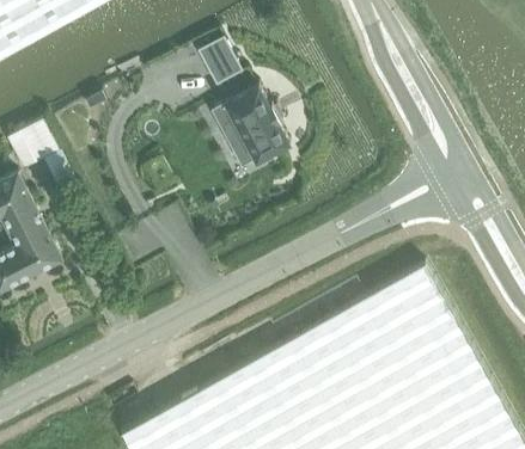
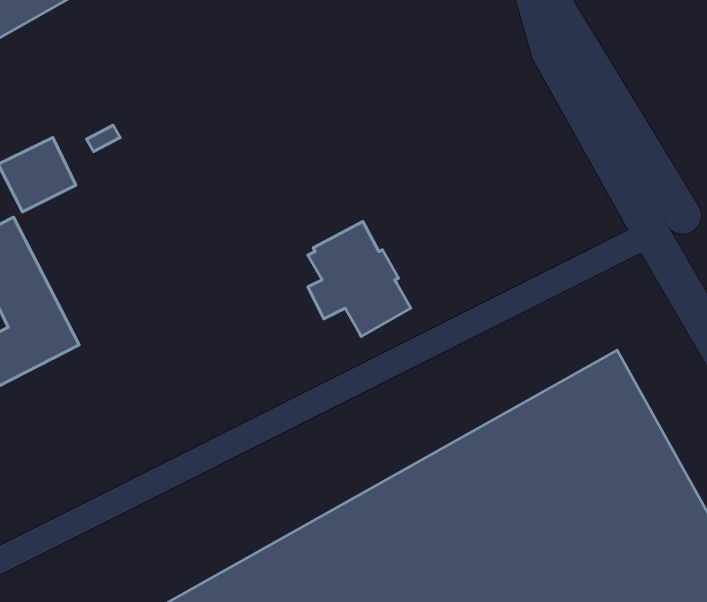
building: [199,41,242,87] -> none
building: [221,86,291,164] -> [308,221,411,337]

